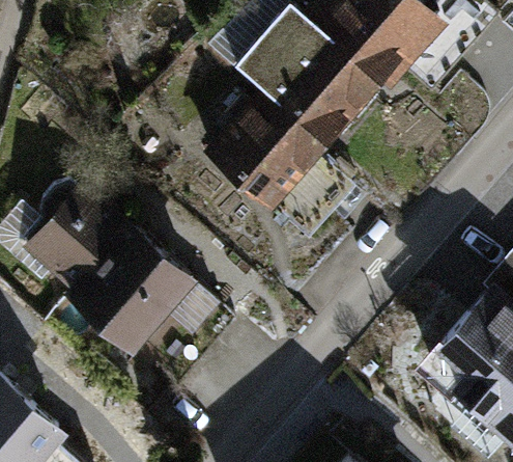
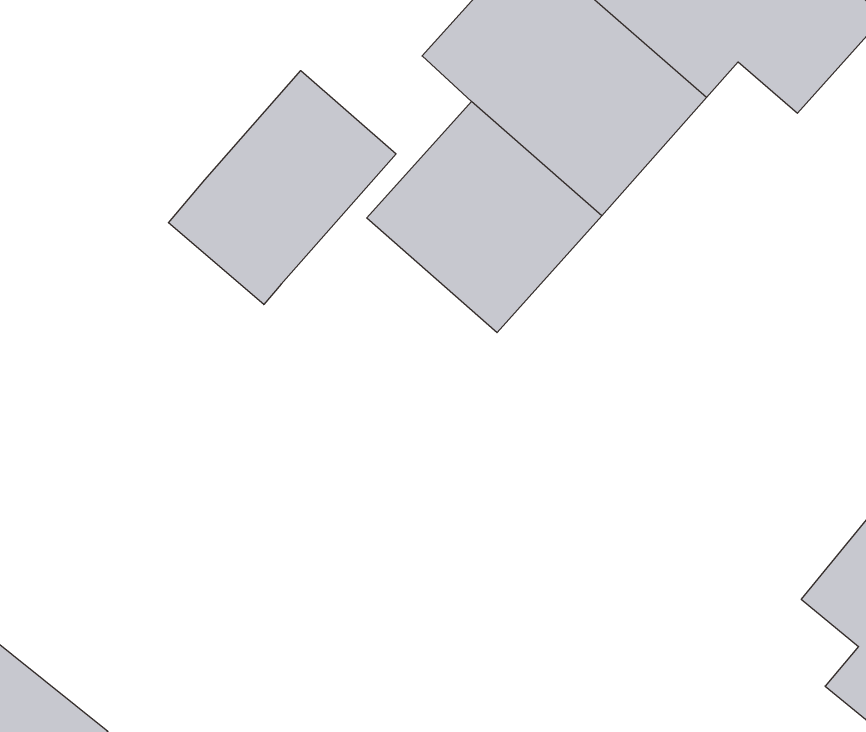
building: none -> [168,71,396,305]
building: [27,184,189,359] -> none

